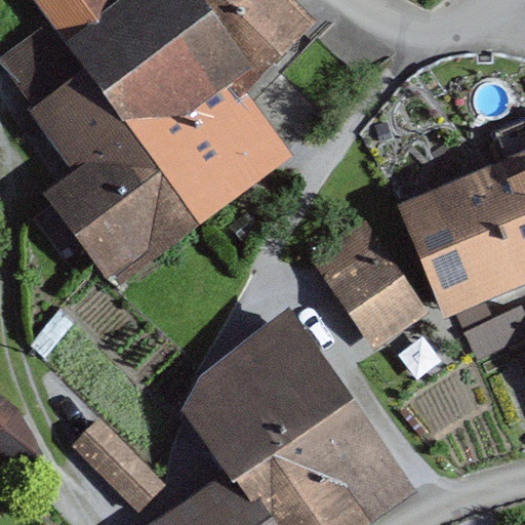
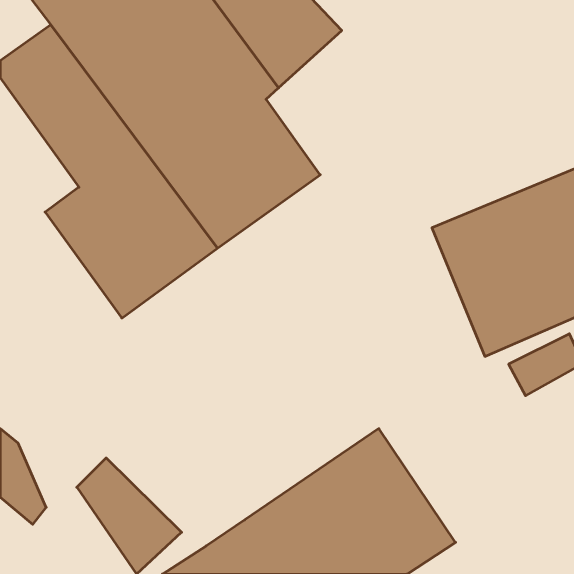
building: [311,221,430,352] -> none
building: [181,302,347,473] -> none

